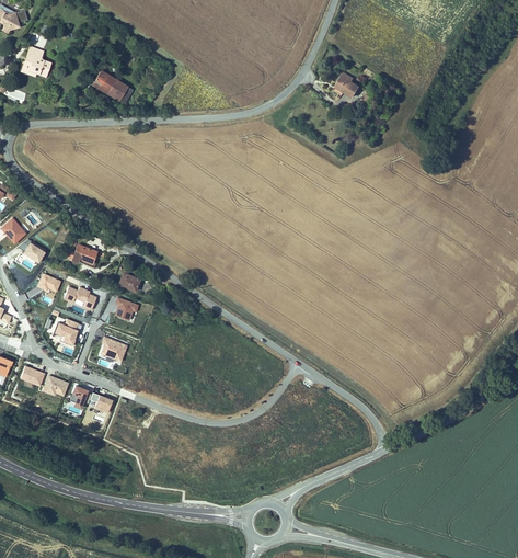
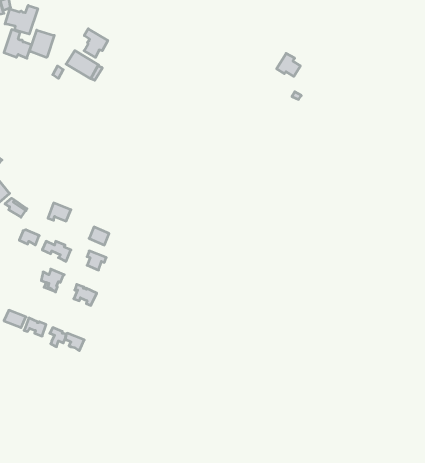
building: none -> [5,5,38,34]
building: none -> [84,29,108,57]
building: none -> [30,30,54,57]

